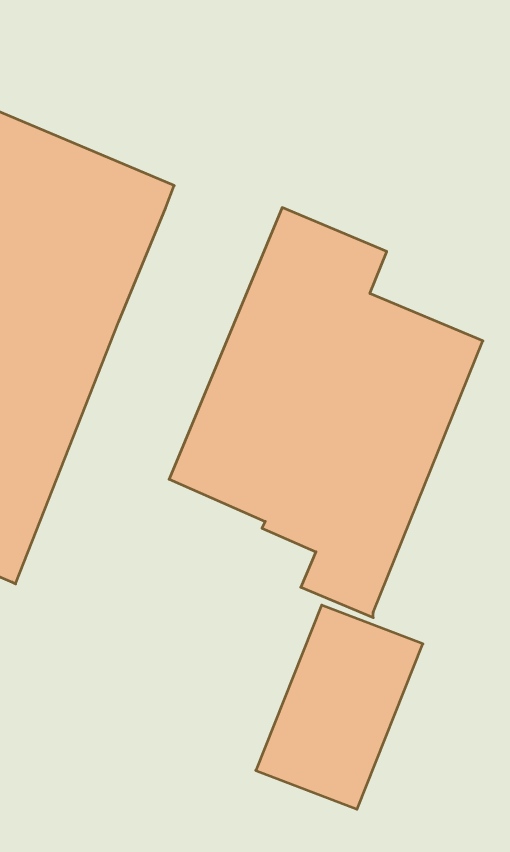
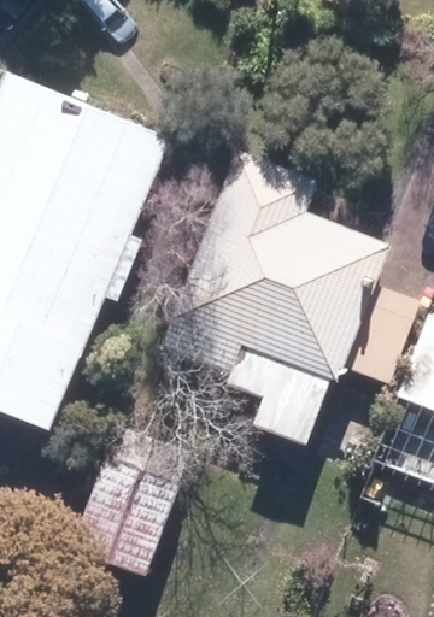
building: [256,605,423,809] -> [88,423,207,569]

